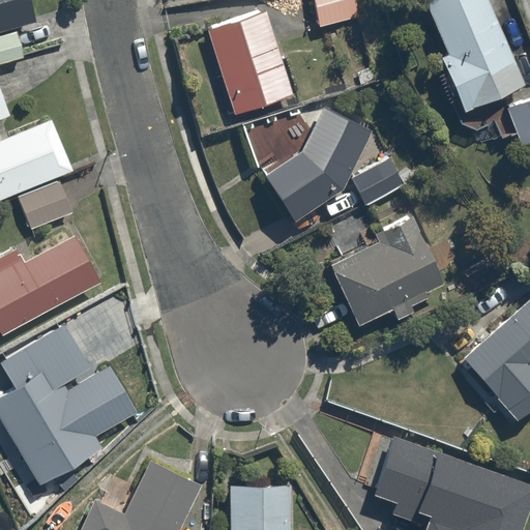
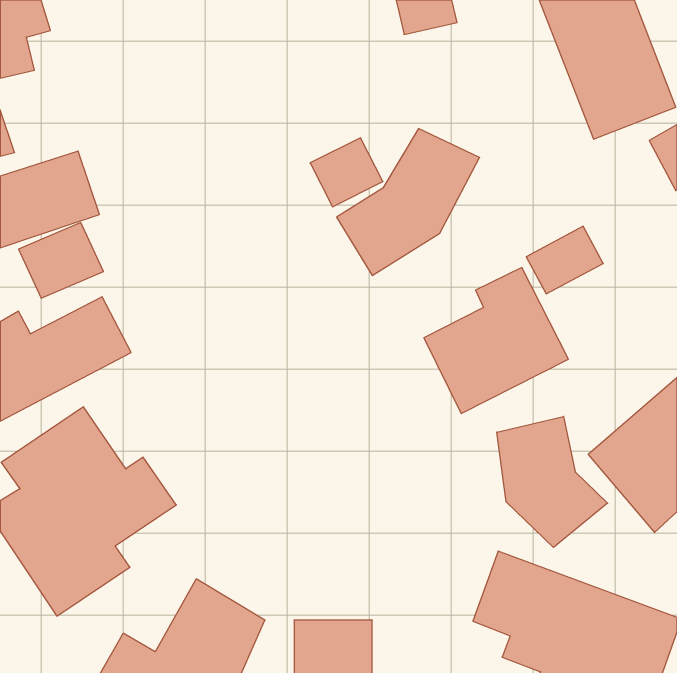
building: [207,11,291,117] -> none
building: [349,153,409,206] -> [526,226,603,294]
building: none -> [497,416,608,547]

